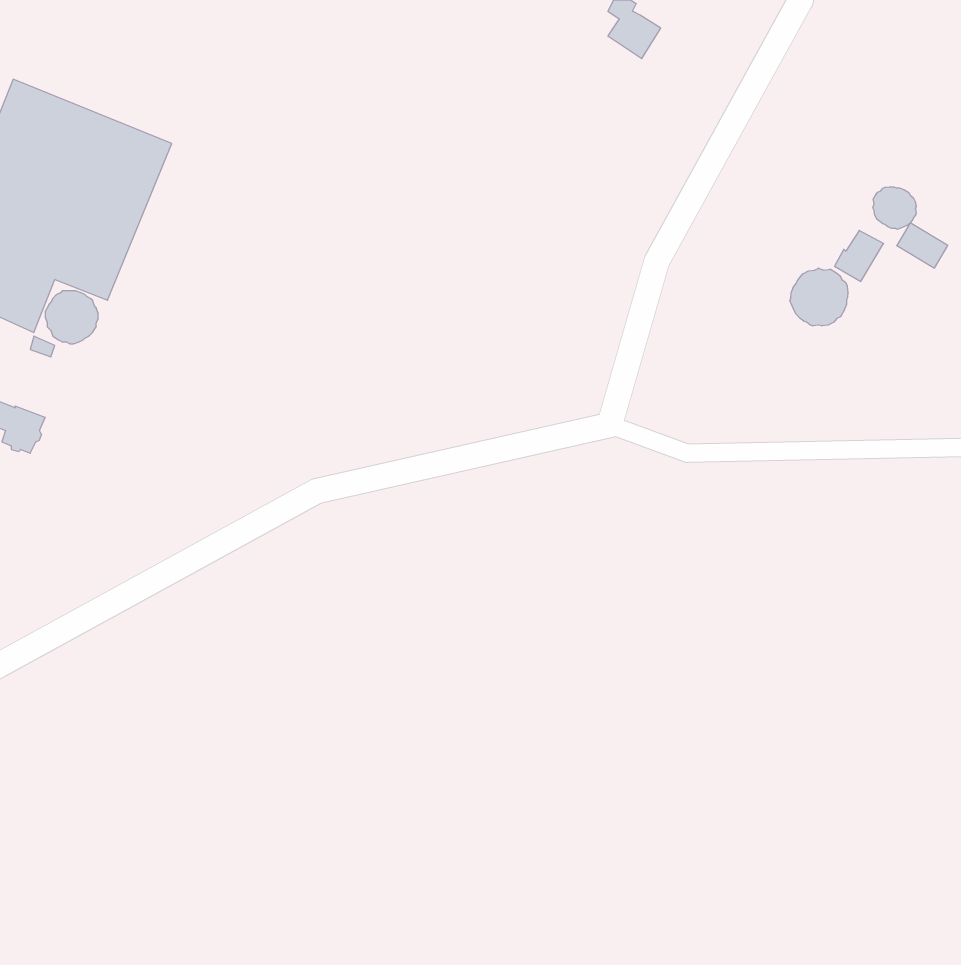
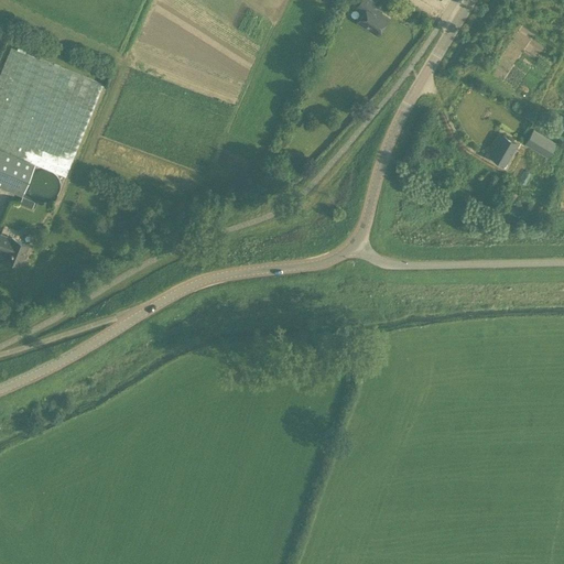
building: [873,187,916,229] -> none
building: [790,268,848,326] -> none

